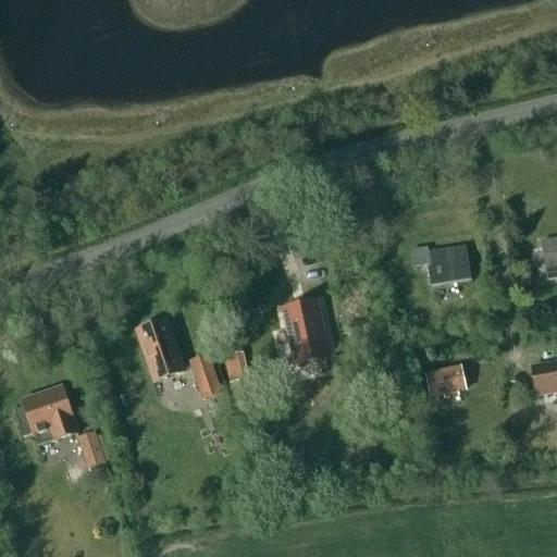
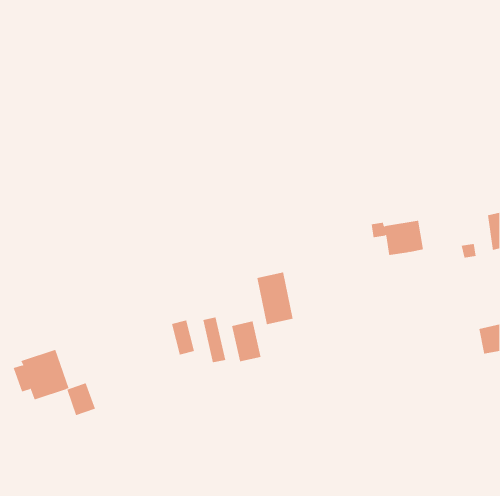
building: [139,320,185,379] -> none
building: none -> [232,321,261,362]
building: [426,366,466,395] -> none

